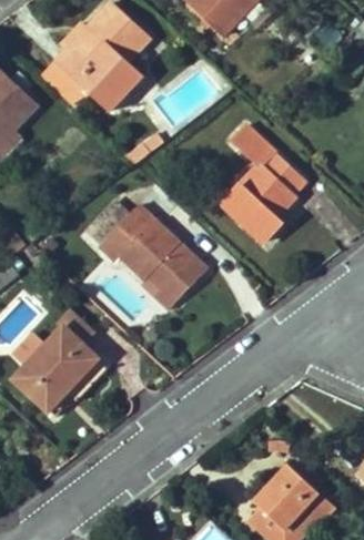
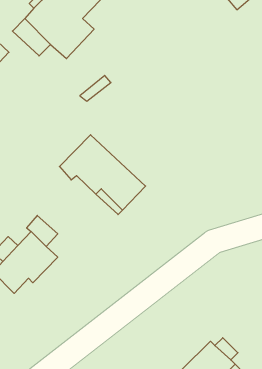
building: [222,128,303,243] -> none

